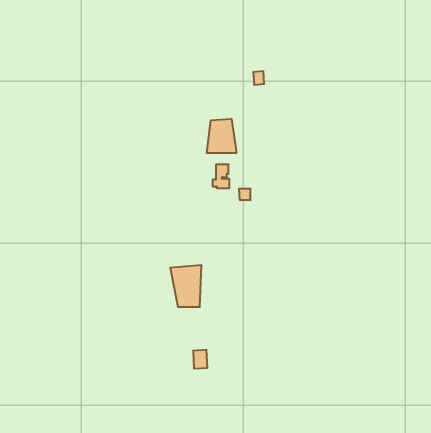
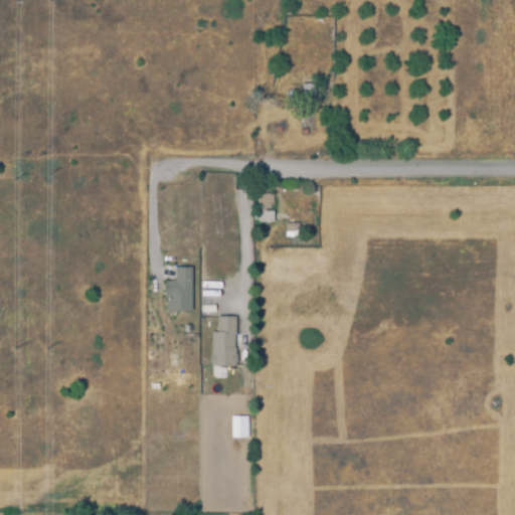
building: [207,119,236,153] -> none
building: none -> [167,267,196,315]

